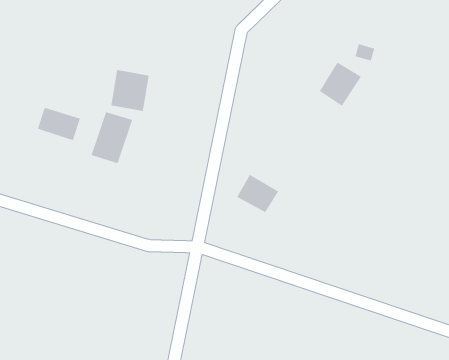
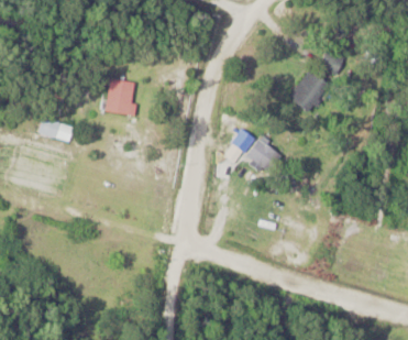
building: [91,111,133,164] -> none
building: [236,174,279,213] -> [245,139,284,174]

